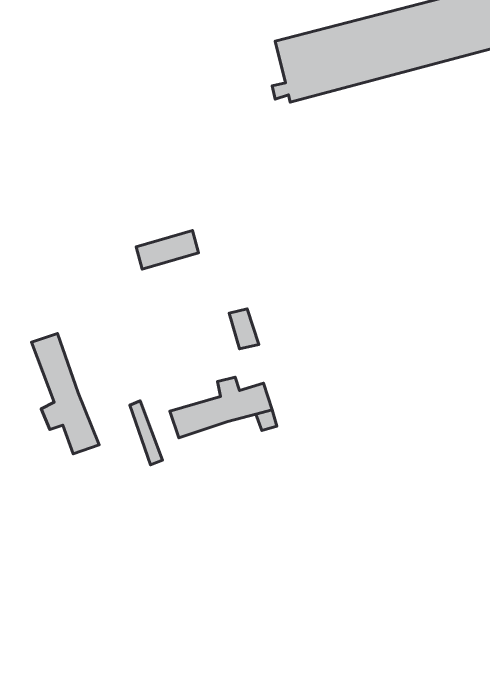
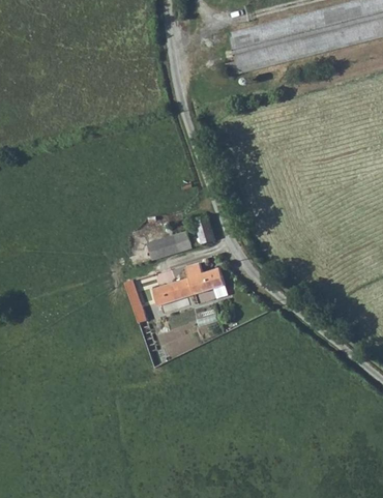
building: [136,230,199,269] -> [147,232,190,259]
building: [31,333,99,454] -> none

